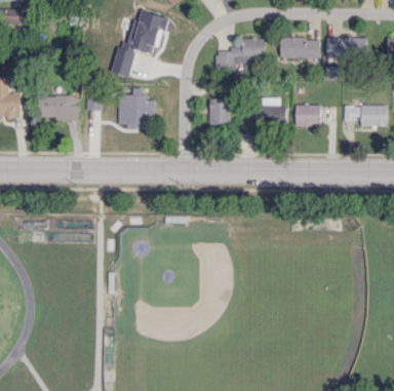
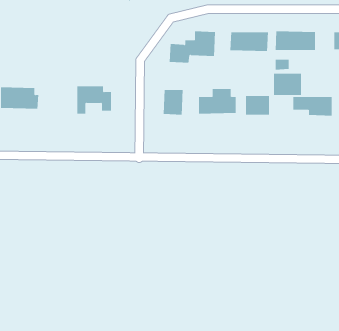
building: [111,11,165,77] -> none
building: none -> [274,73,301,96]

